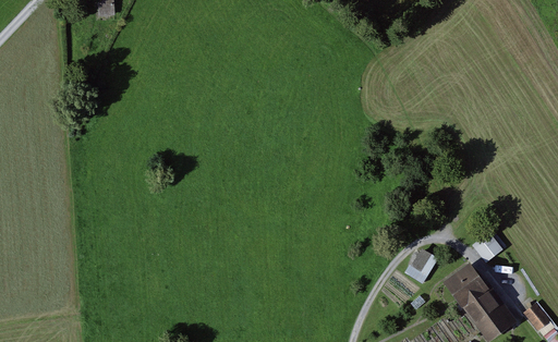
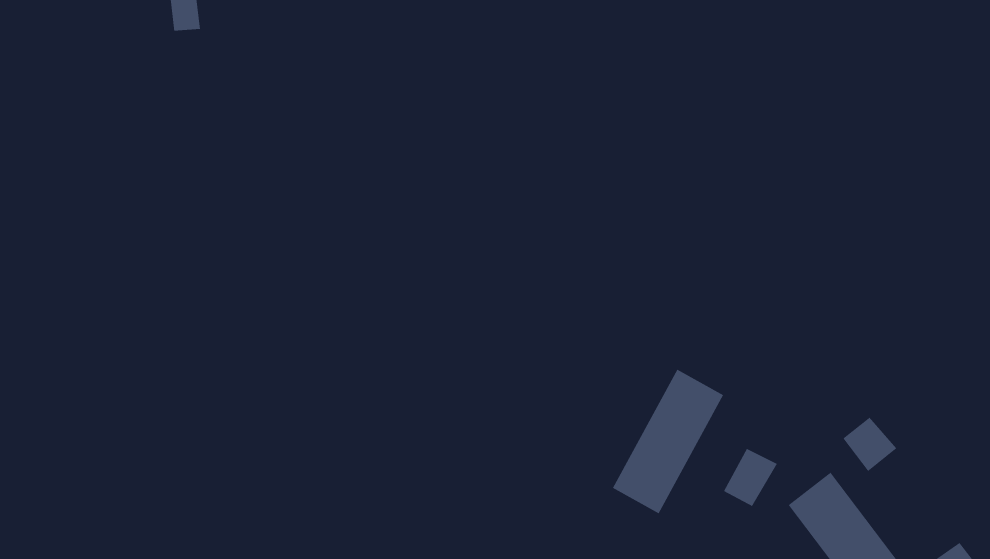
building: none -> [612,369,724,514]

